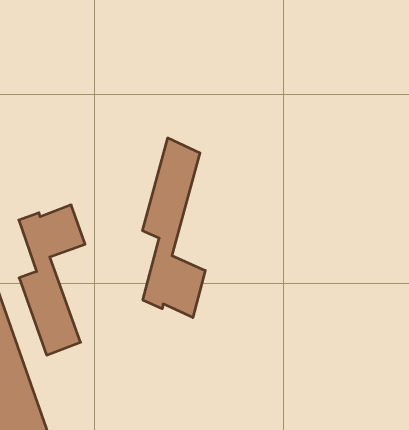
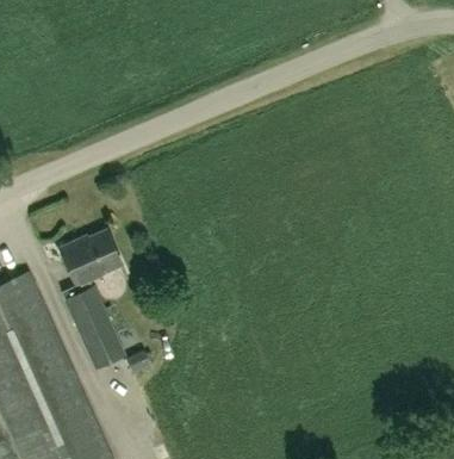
building: [143,138,205,318] -> none

